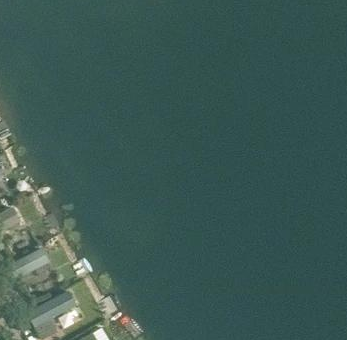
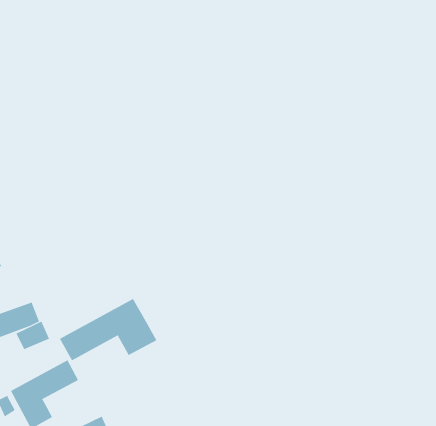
building: none -> [59,298,157,361]

